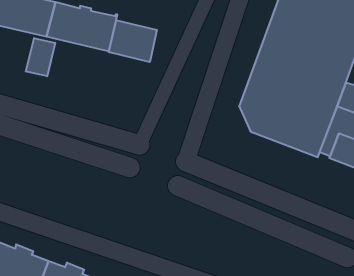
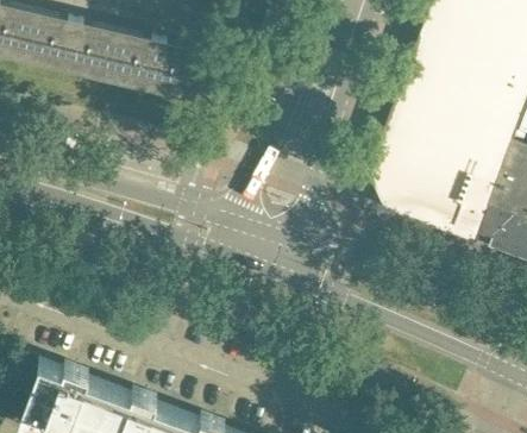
building: [109,20,157,62] -> none
building: [26,38,55,76] -> none

